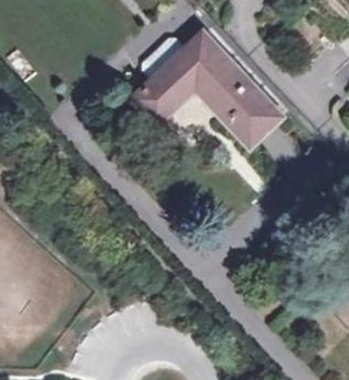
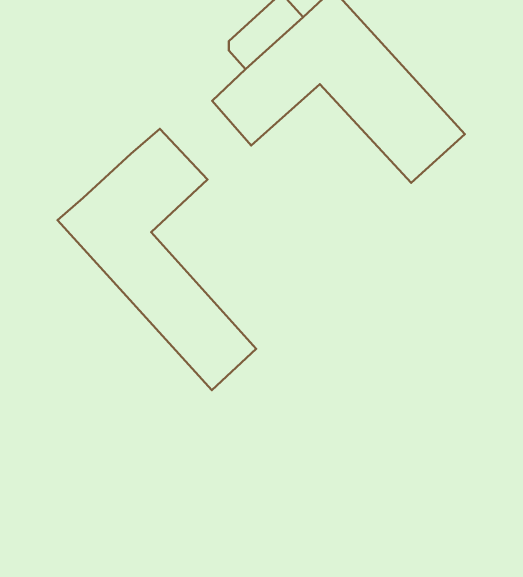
building: none -> [57,129,256,390]

